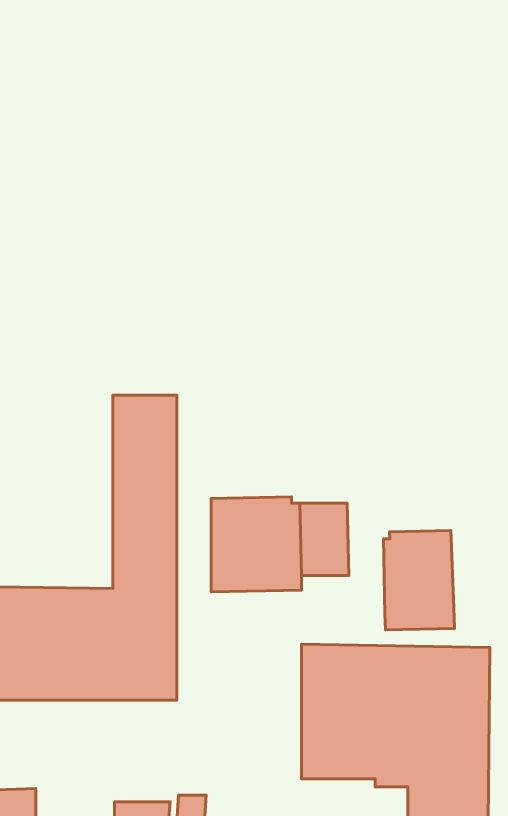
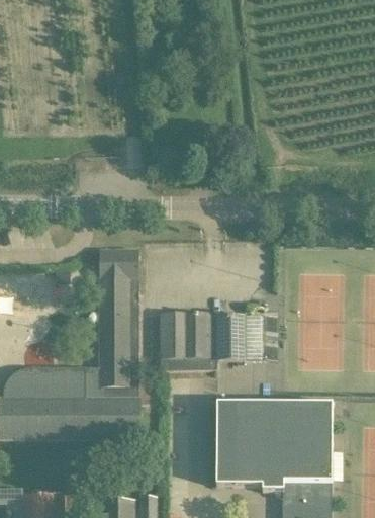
building: [383,531,455,630] -> none

